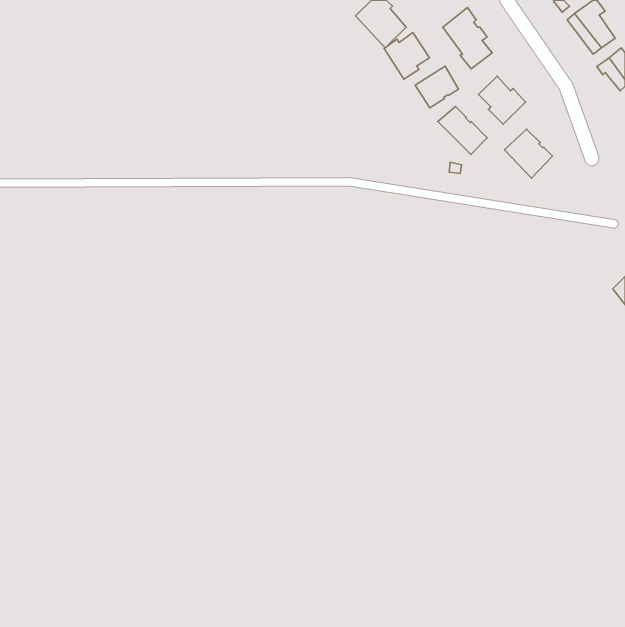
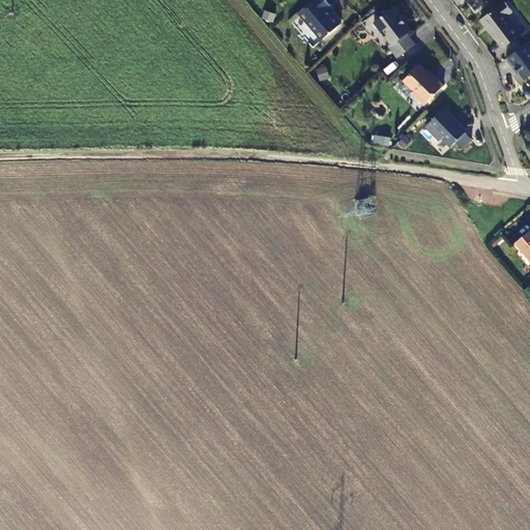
building: [384,32,429,79] -> none
building: [415,66,458,108] -> none
building: [438,106,487,154] -> none

